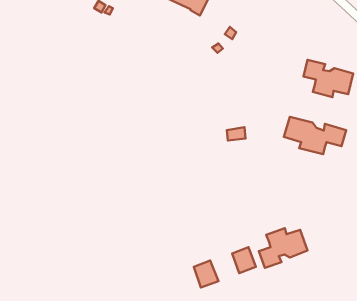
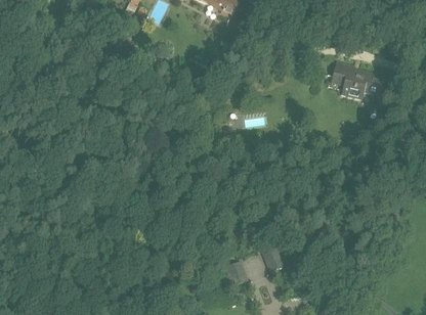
building: [284,117,346,154] -> none
building: [259,228,307,268] -> none

